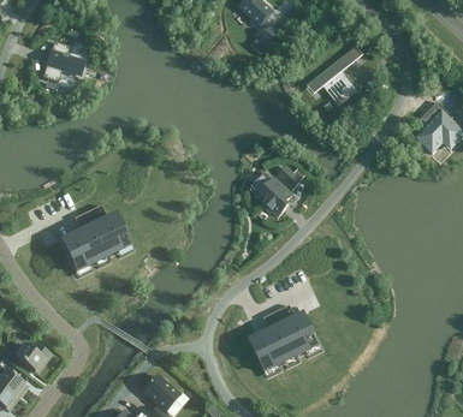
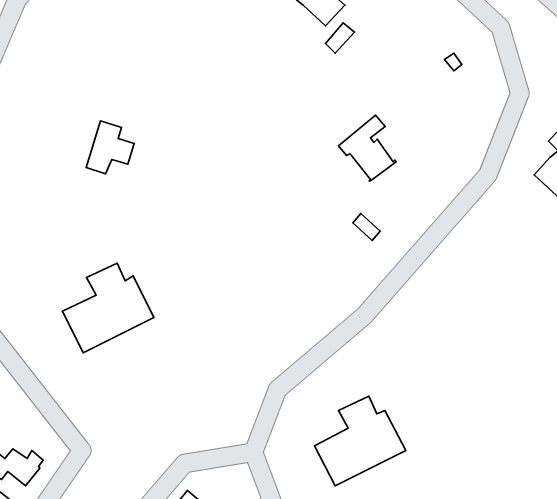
building: [42,42,78,82] -> [86,121,134,174]
building: [314,56,357,106] -> [339,115,396,181]
building: [257,180,291,216] -> none

